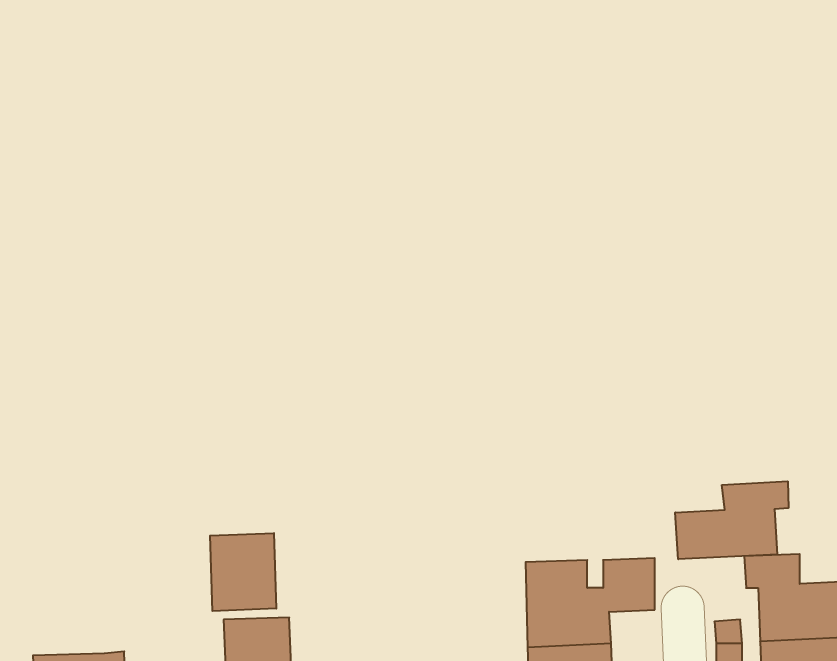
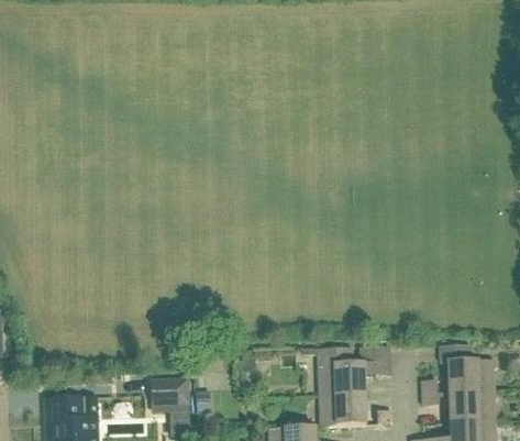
building: [675,481,788,559] -> none
building: [210,533,276,611] -> none

